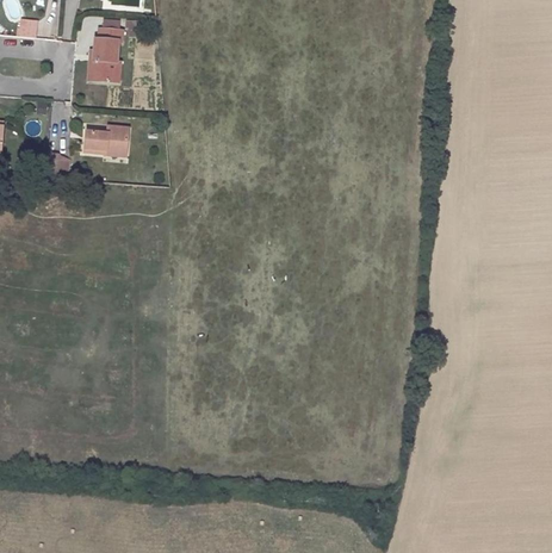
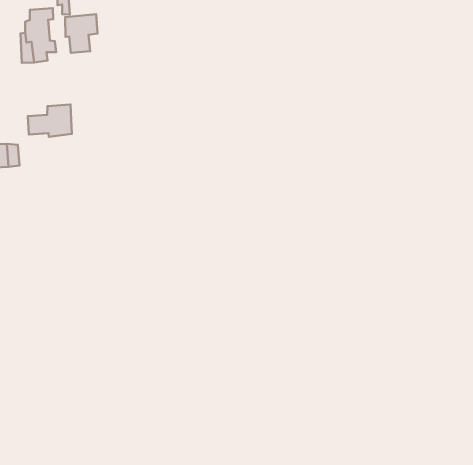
building: none -> [65,14,98,53]

